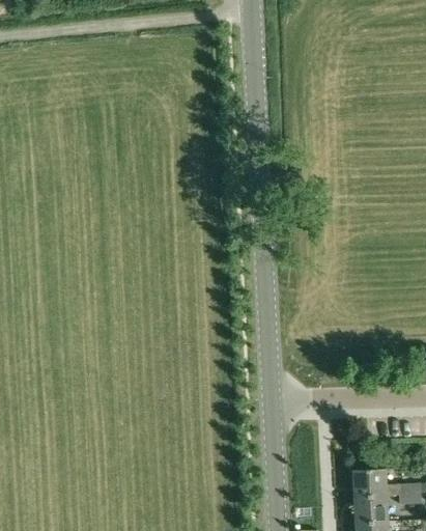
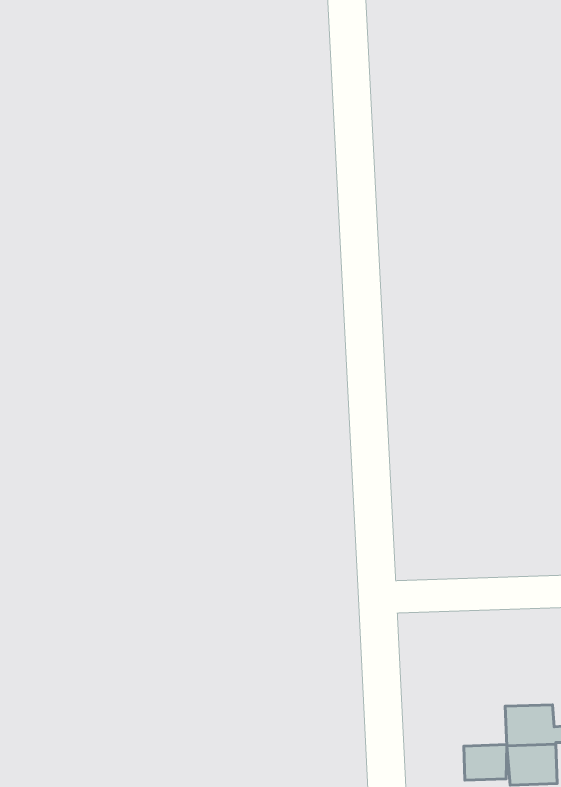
building: none -> [464,745,507,780]

